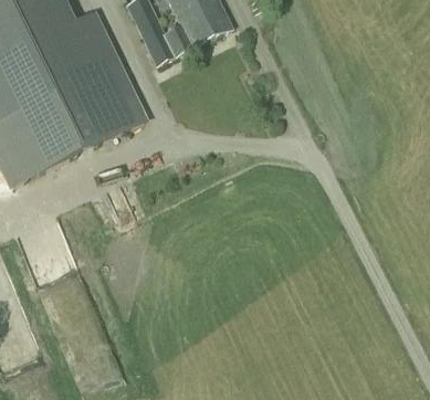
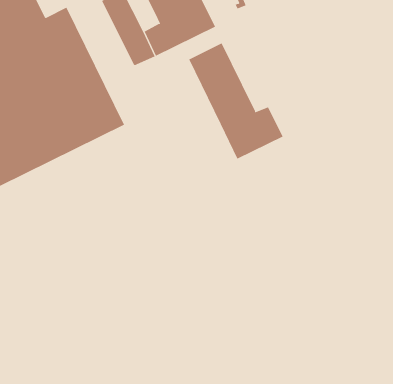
building: none -> [189,43,283,160]

